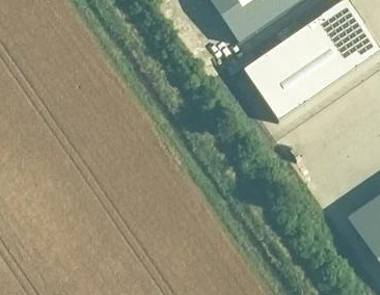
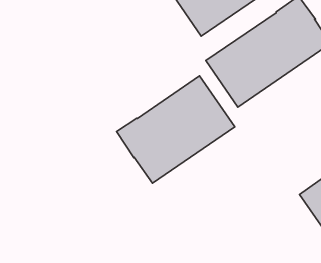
building: none -> [116,76,235,183]

